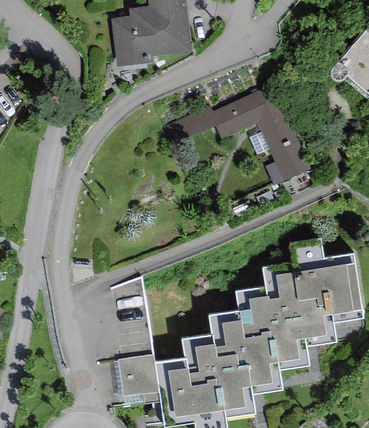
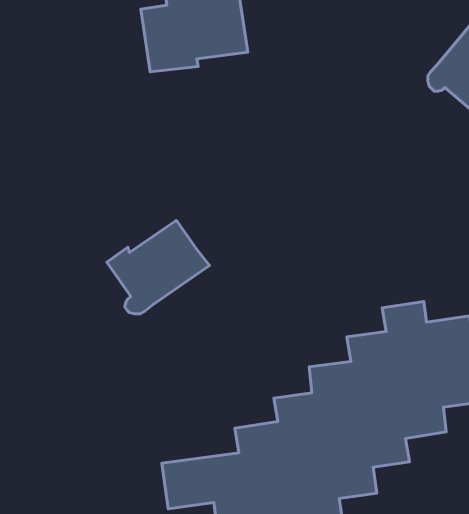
building: [179,84,310,186] -> none
building: none -> [107,220,210,314]

